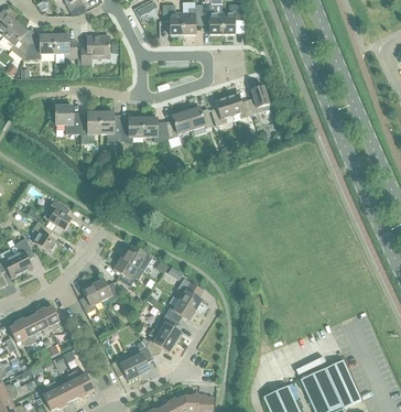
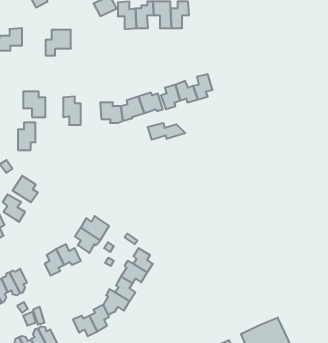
building: [54,33,76,56] -> none
building: [80,111,100,142] -> [18,123,36,150]
building: [120,117,143,141] -> none
building: none -> [148,123,185,140]

